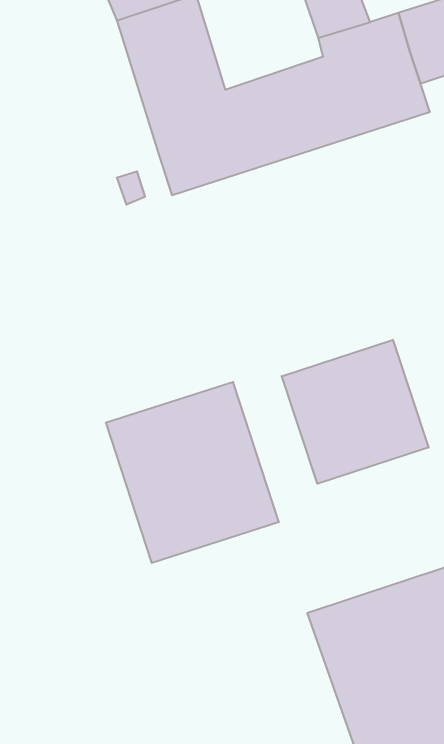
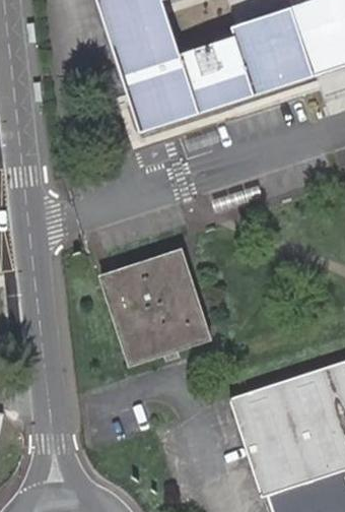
building: [282,340,429,484] -> none

